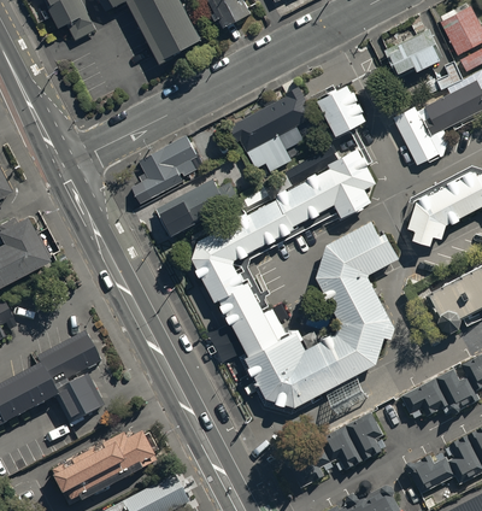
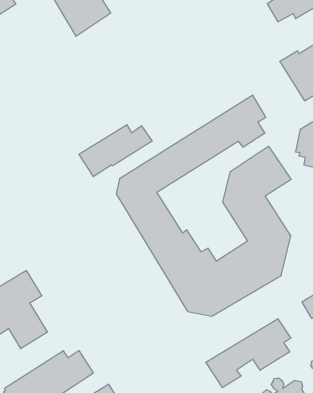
building: [316,82,366,135] -> none
building: [231,87,313,171] -> none
building: [131,135,198,204] -> none

